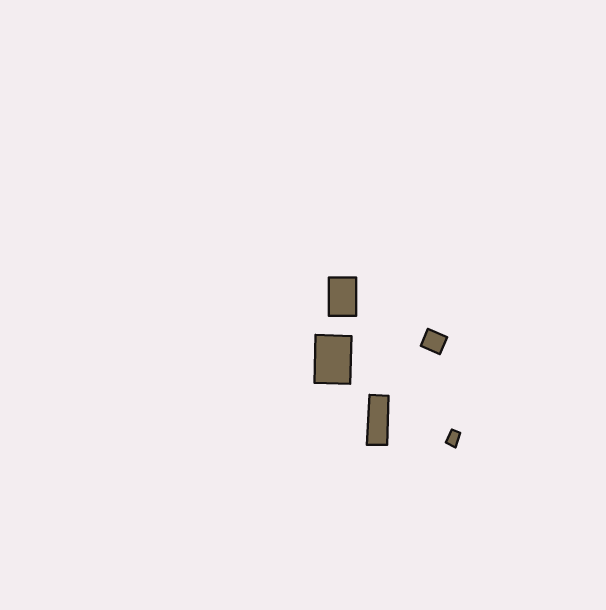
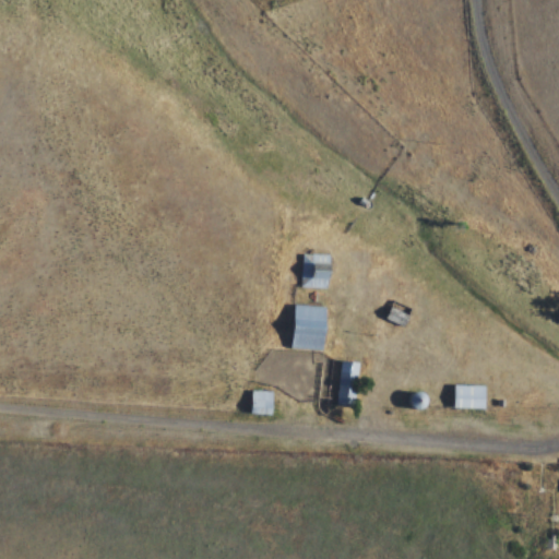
building: none -> [455,384,485,408]
building: none -> [253,391,274,414]

